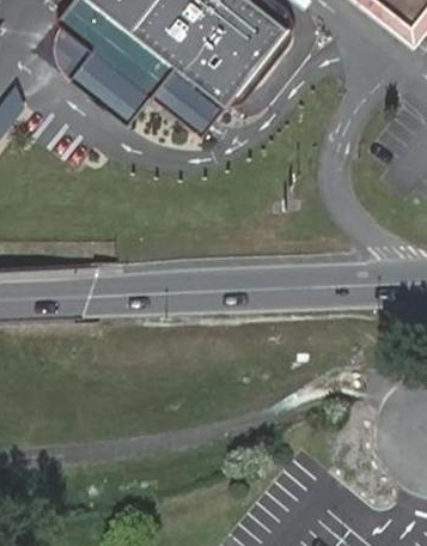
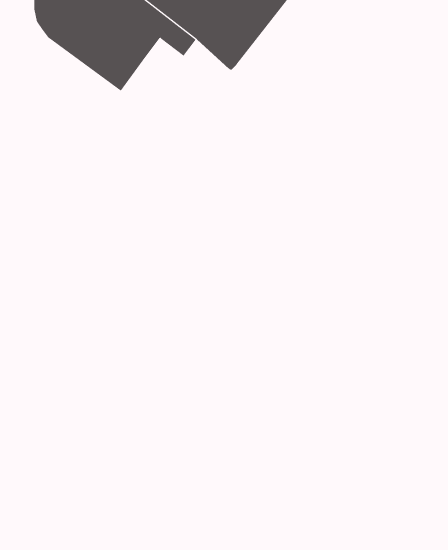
building: [154,77,227,133] -> none

